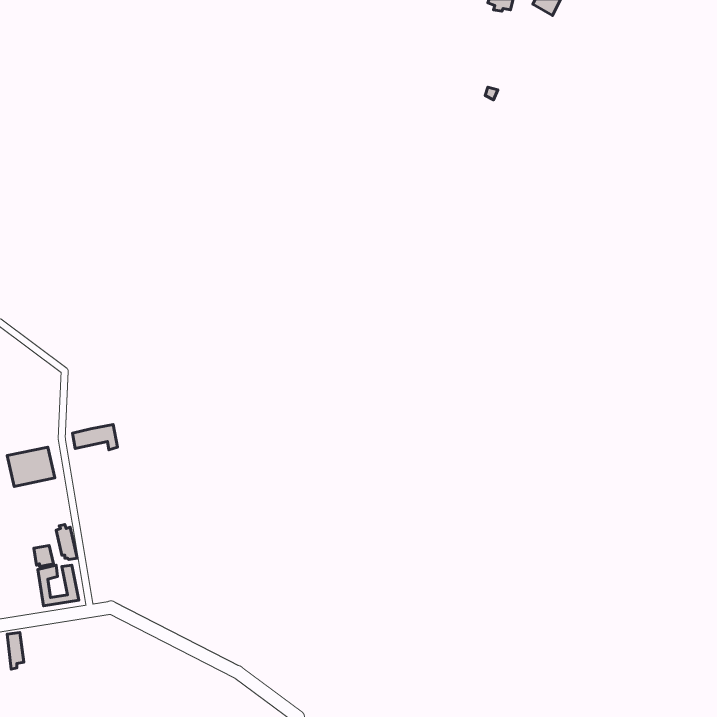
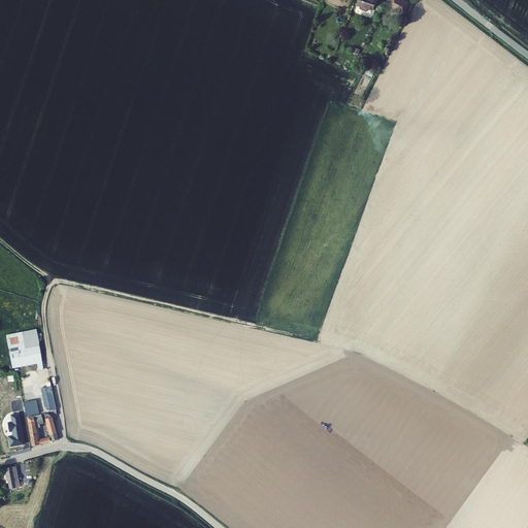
building: [72,425,117,450] -> [10,351,43,369]

